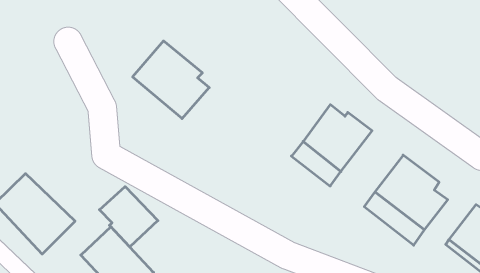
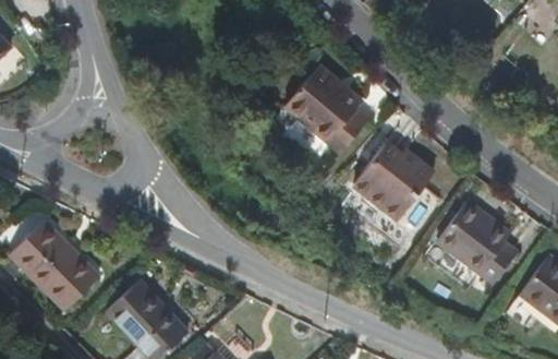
building: [133,41,209,119] -> [284,64,371,152]
building: [99,187,158,247] -> none

